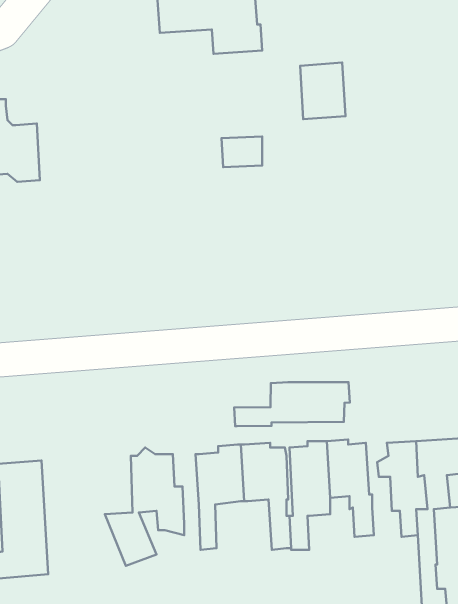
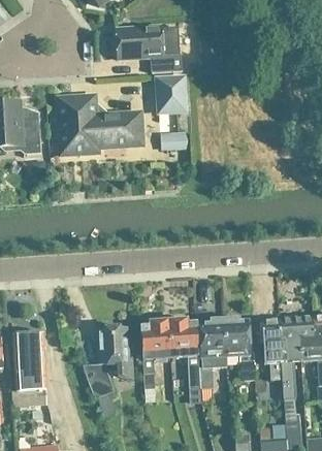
building: [300,63,345,119] -> [157,77,186,114]
building: none -> [57,97,141,154]
building: [234,382,350,426] -> none

